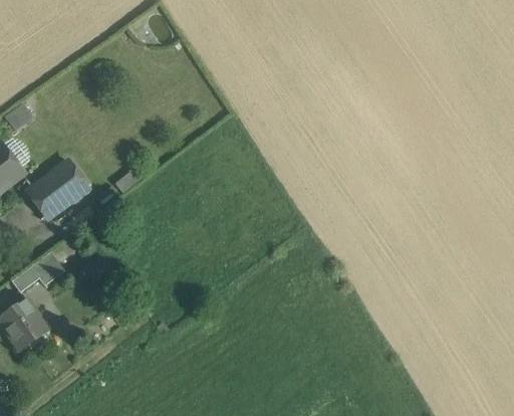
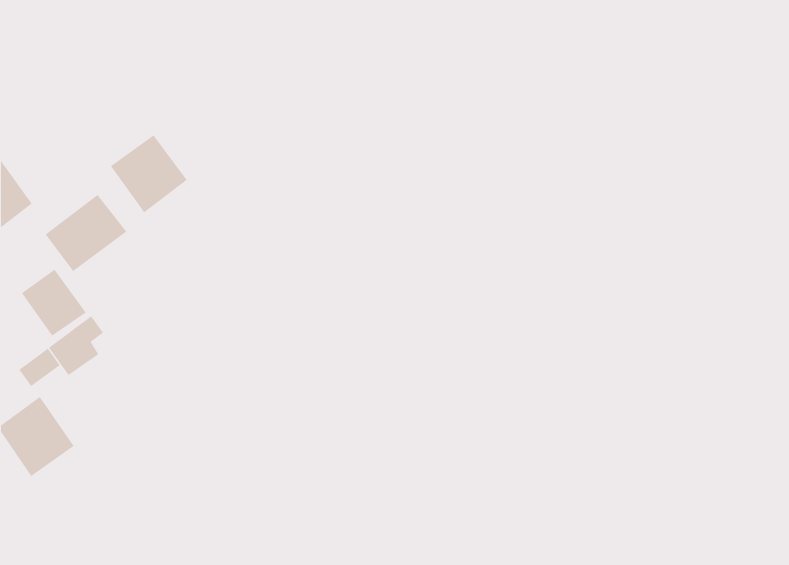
building: none -> [110,134,188,213]
building: none -> [21,269,87,337]

